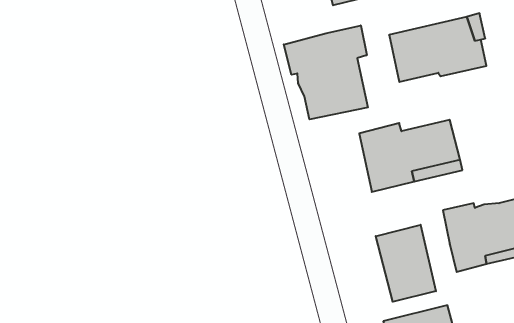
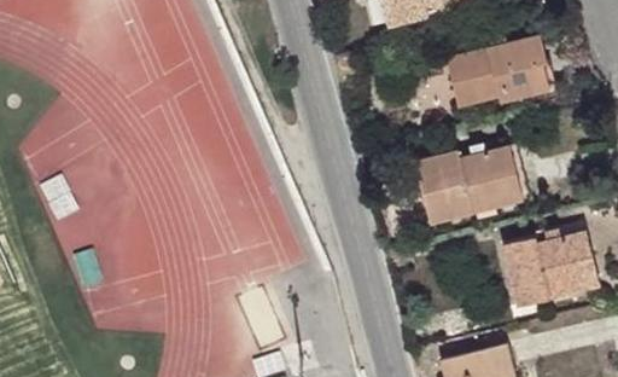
building: [284,25,368,119] -> none
building: [376,225,436,302] -> none

